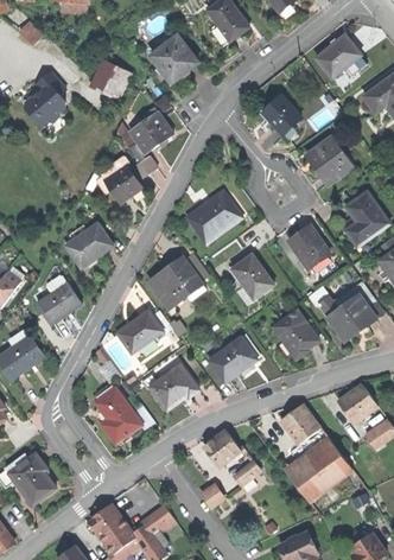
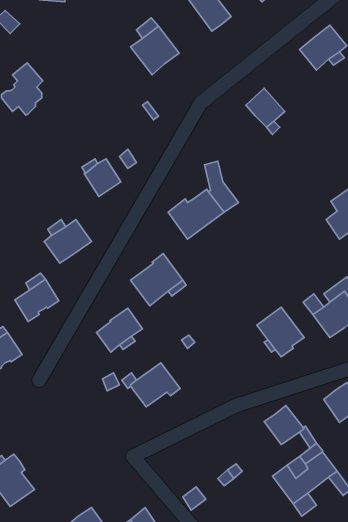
building: [89,59,128,98] -> none
building: [129,112,172,152] -> none
building: [306,138,351,184] -> none
building: [288,225,328,268] -> none
building: [231,254,273,299] -> none
building: [209,337,256,382] -> none
building: [95,388,141,443] -> none
building: [204,431,240,466] -> none

